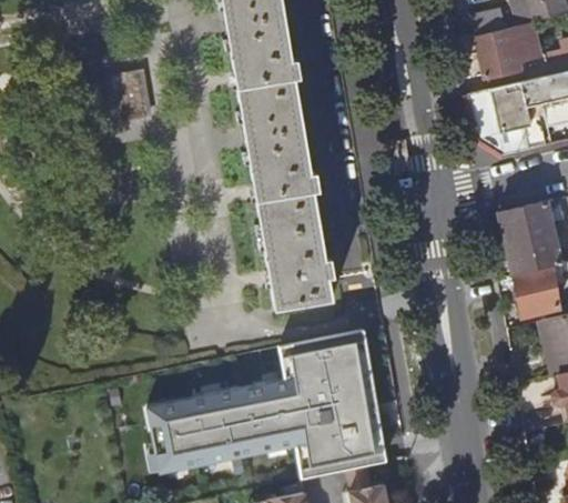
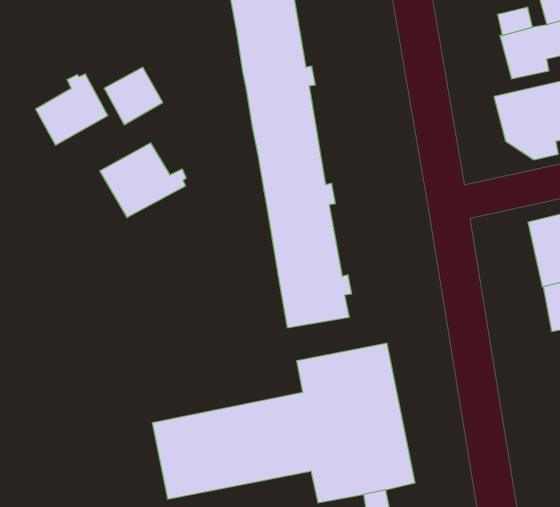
building: none -> [36,74,108,145]
building: none -> [100,143,186,218]

